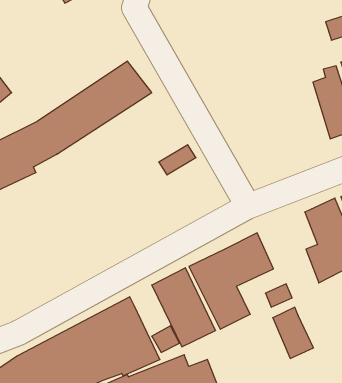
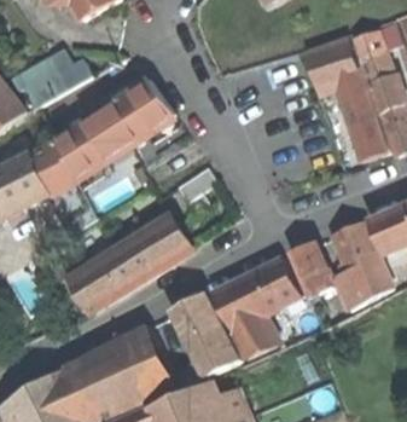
building: none -> [303,39,357,94]
building: none -> [21,57,75,109]
building: none -> [69,220,190,313]
building: [273,307,313,358] -> [287,244,330,297]

